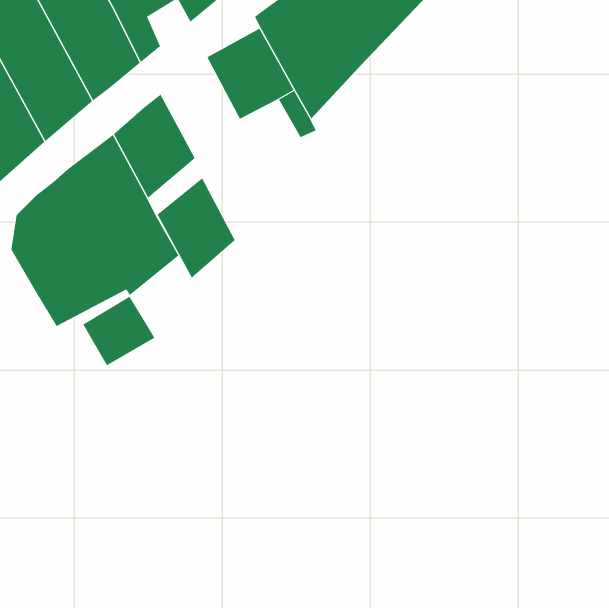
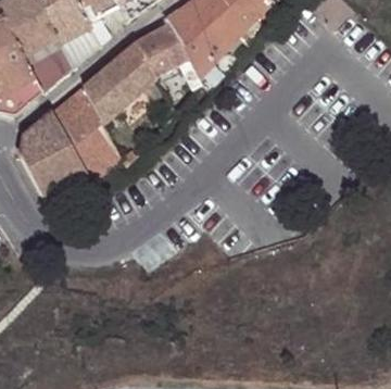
building: [157,178,236,279] -> [110,40,156,100]
building: [83,296,155,366] -> none

